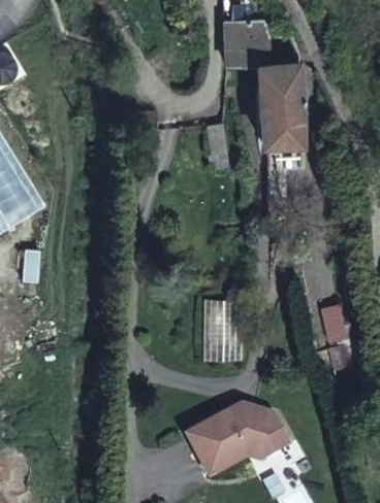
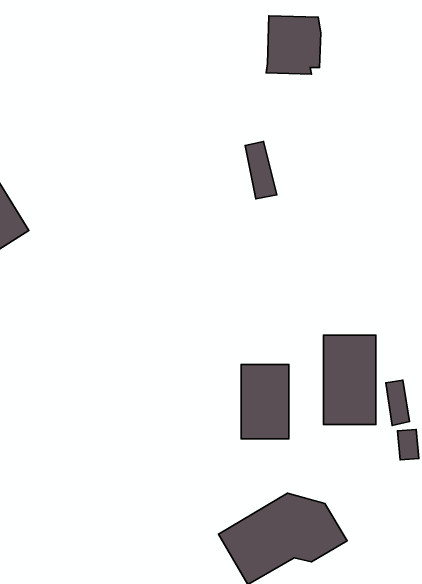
building: [258,69,302,229] -> none
building: none -> [323,335,376,425]

